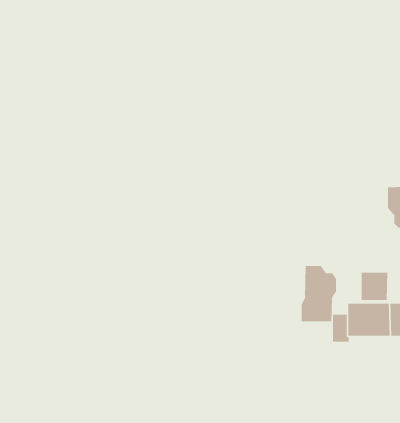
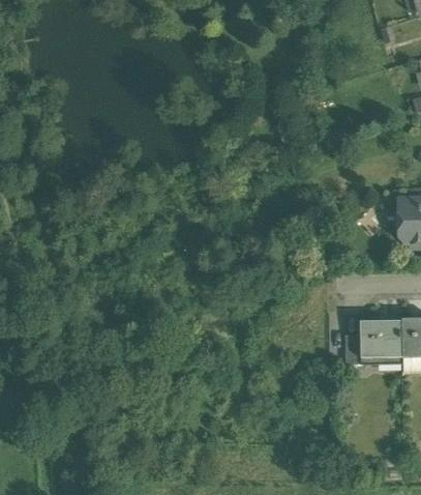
building: [301,265,337,322] -> none
building: [361,272,388,301] -> none

